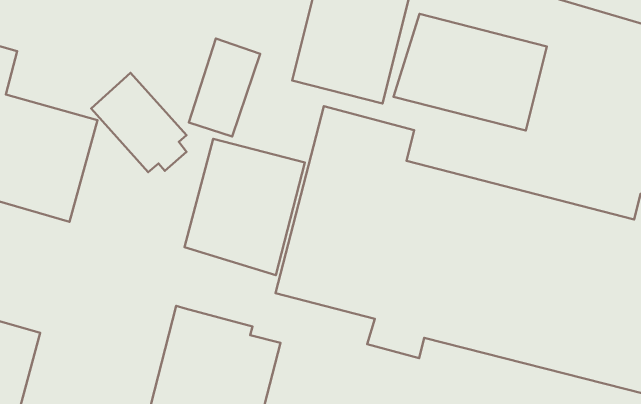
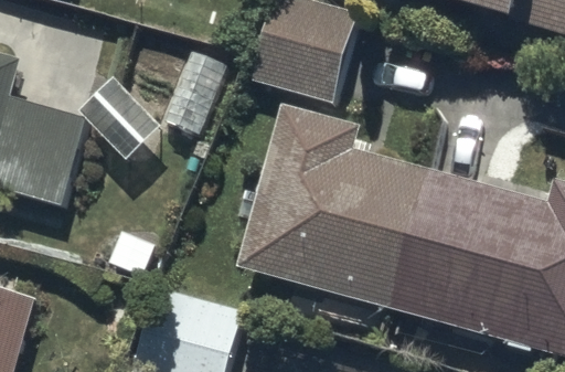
building: [394,14,547,130] -> none
building: [185,139,305,275] -> none

